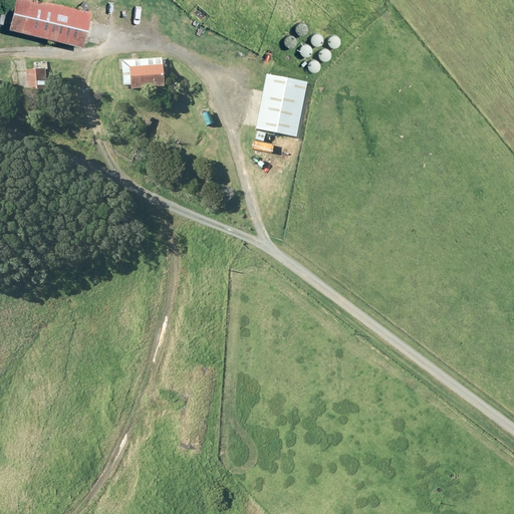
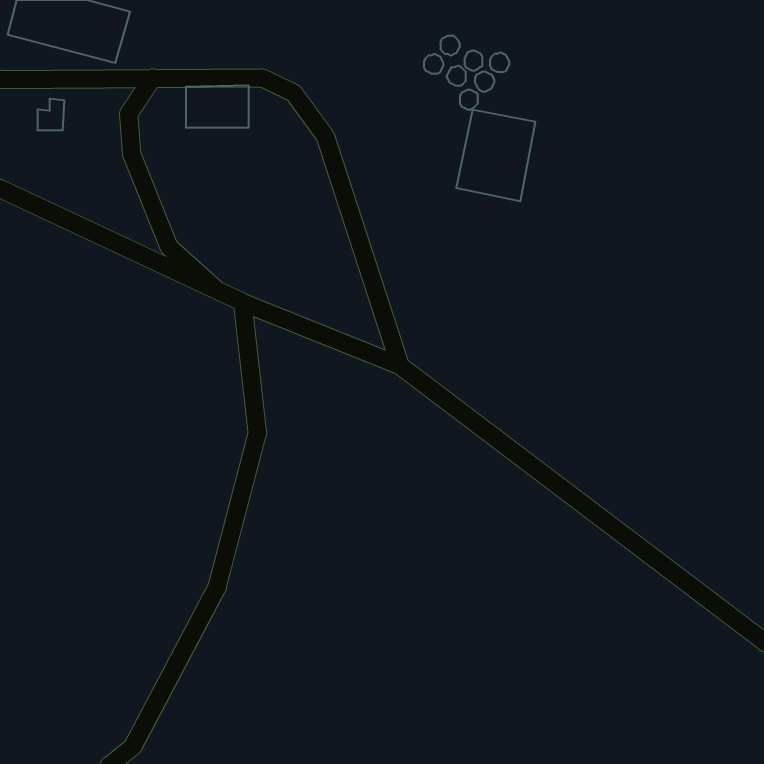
building: [254,76,307,138] -> [456,110,535,201]

